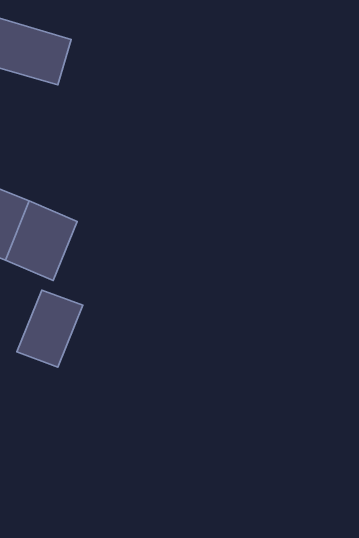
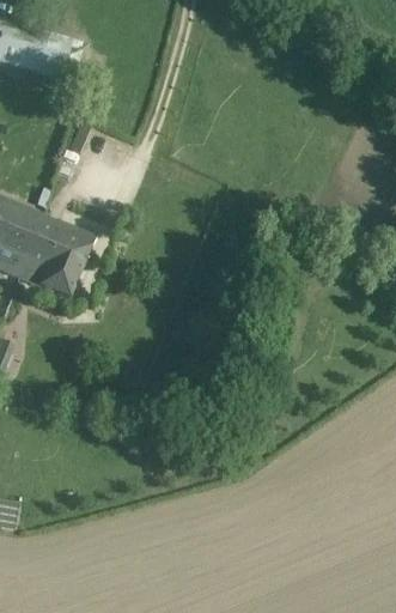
building: [17,290,83,367] -> none

